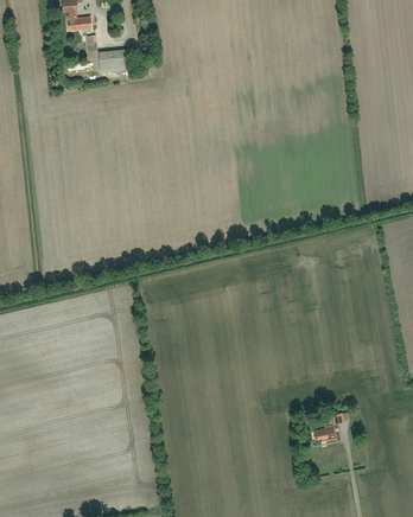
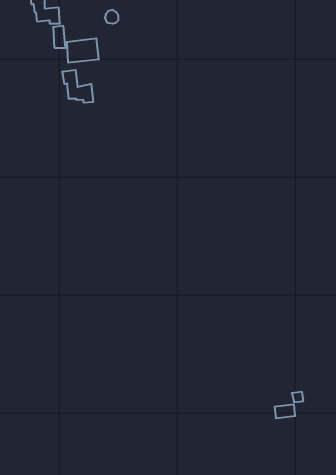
building: none -> [63,70,93,103]

